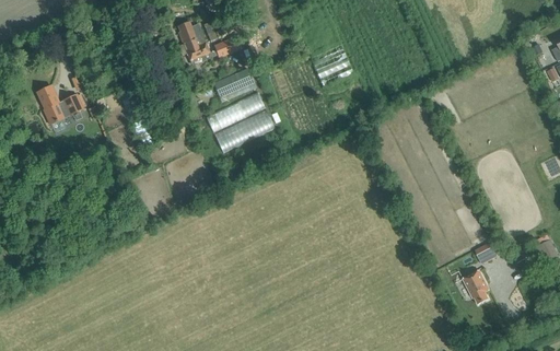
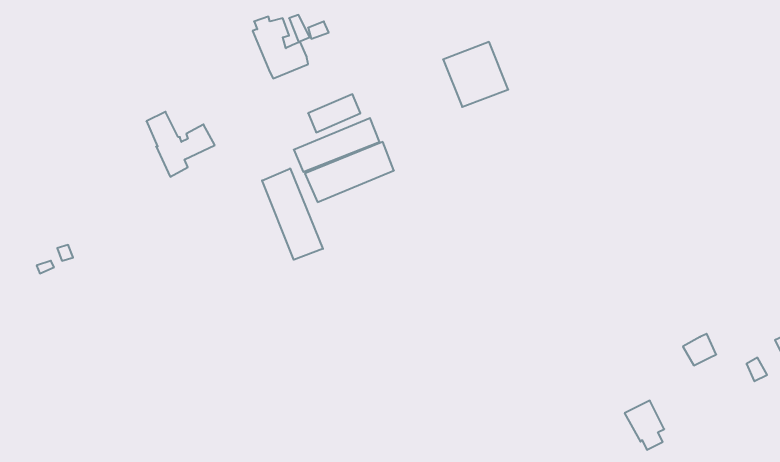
building: [36,84,83,129] -> [146,112,215,177]
building: none -> [262,168,323,260]
building: [462,269,489,303] -> [625,401,664,450]

